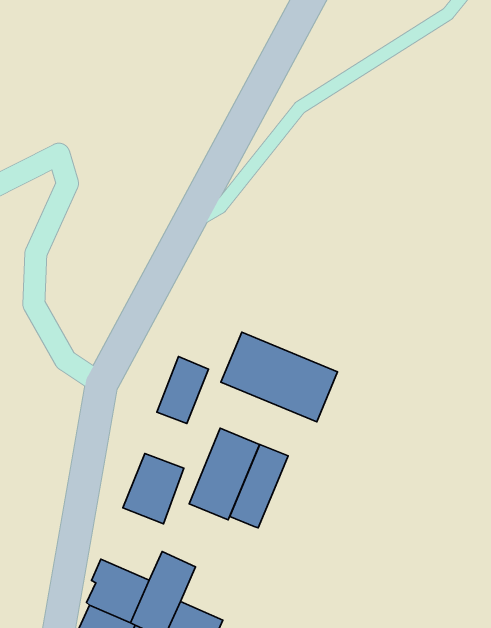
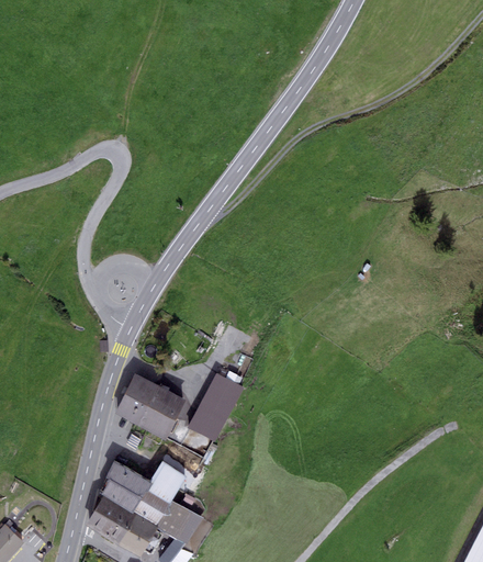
building: [221,332,338,422] -> none
building: [157,356,209,423] -> [115,373,158,425]
building: [230,444,288,528] -> none

